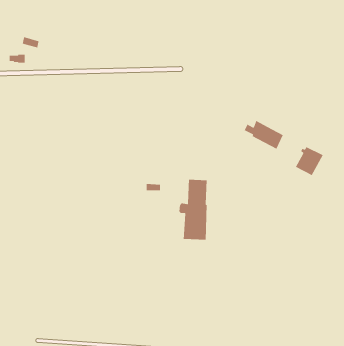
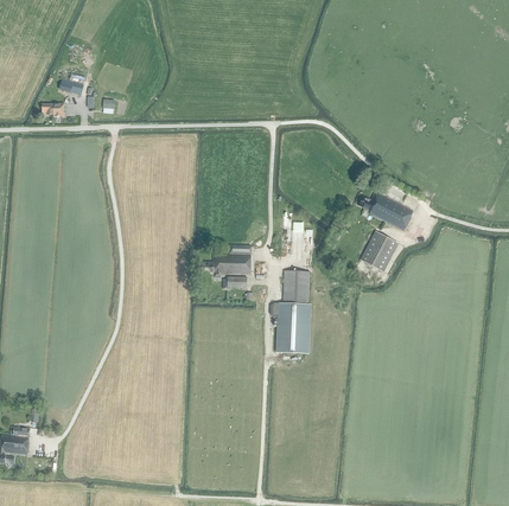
building: [295,146,324,176] -> [360,231,399,271]
building: none -> [202,244,252,275]

